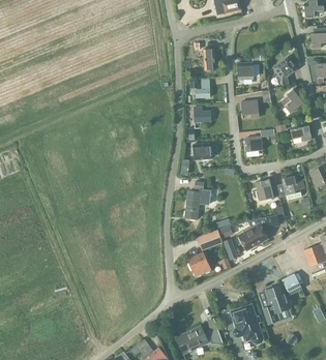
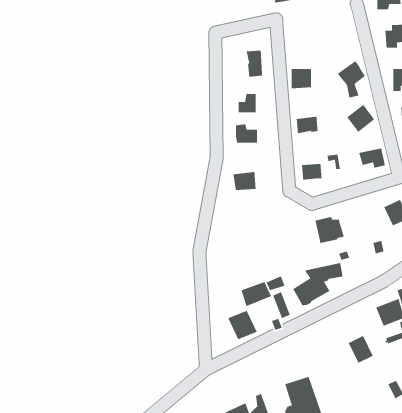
building: [276,175,304,197] -> none
building: [185,181,211,219] -> none
building: [263,284,290,324] -> none

